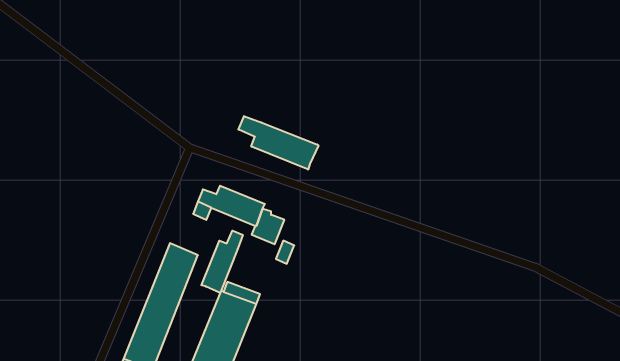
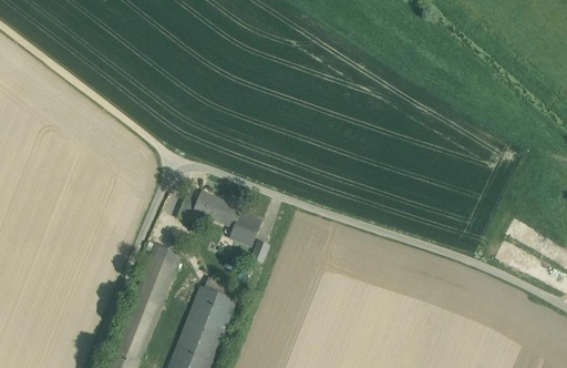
building: [238,116,318,170] -> none
building: [201,231,243,293] -> none

